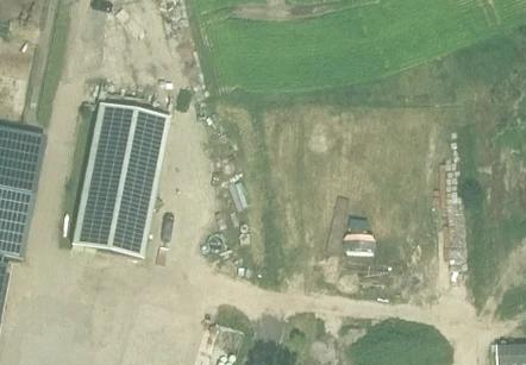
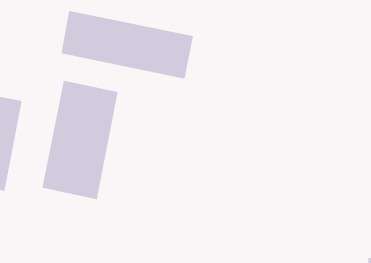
building: none -> [61,10,193,80]

